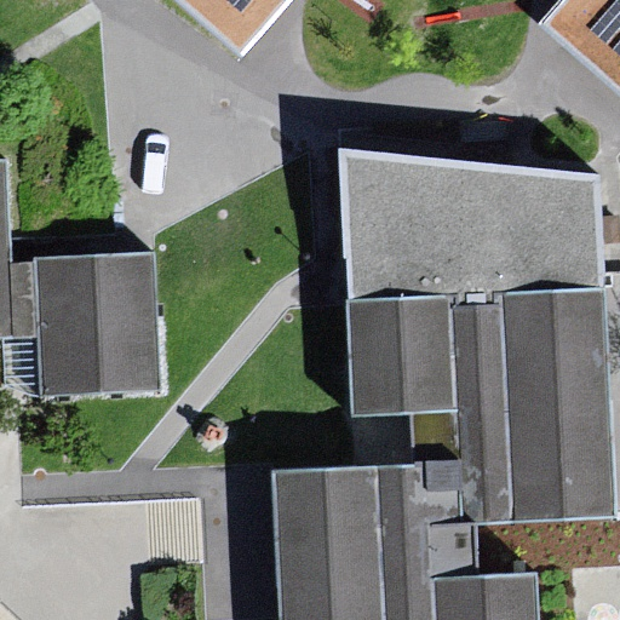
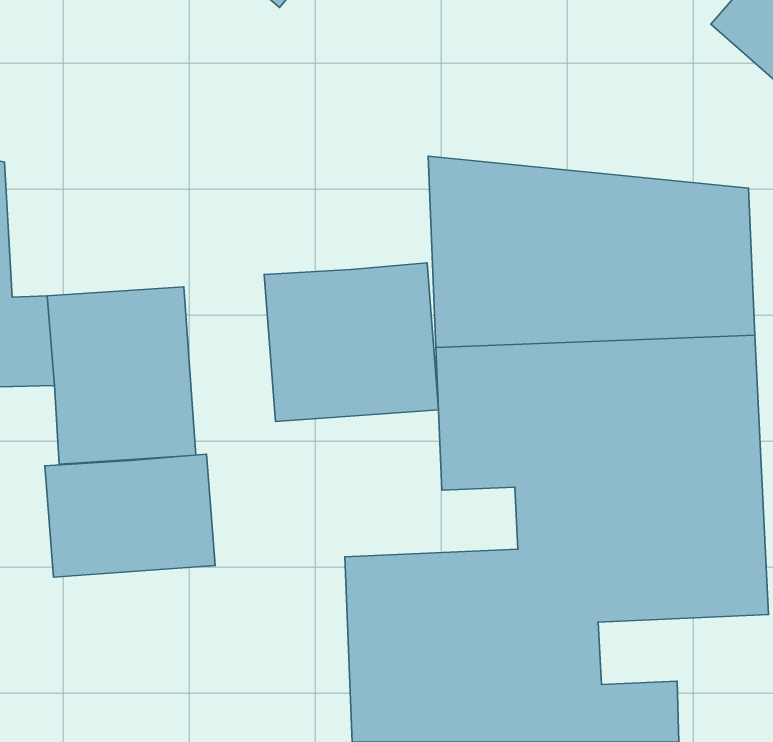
building: none -> [264,263,438,422]
building: none -> [45,454,215,577]

